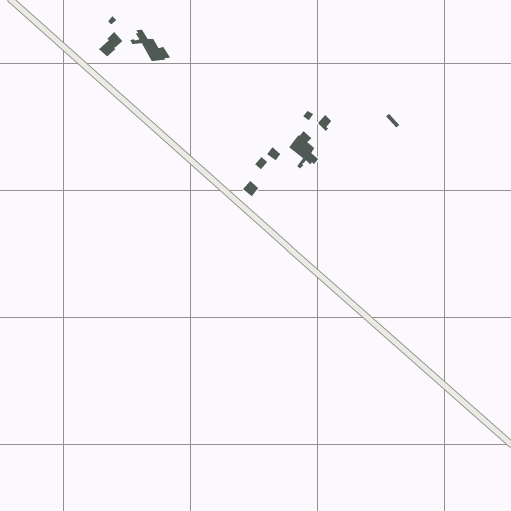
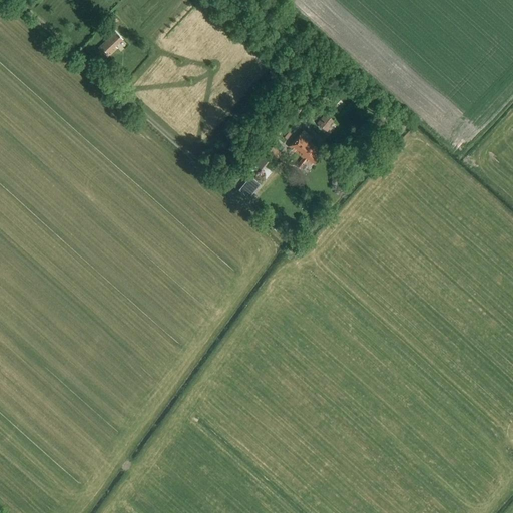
building: [130,29,171,62] -> none

